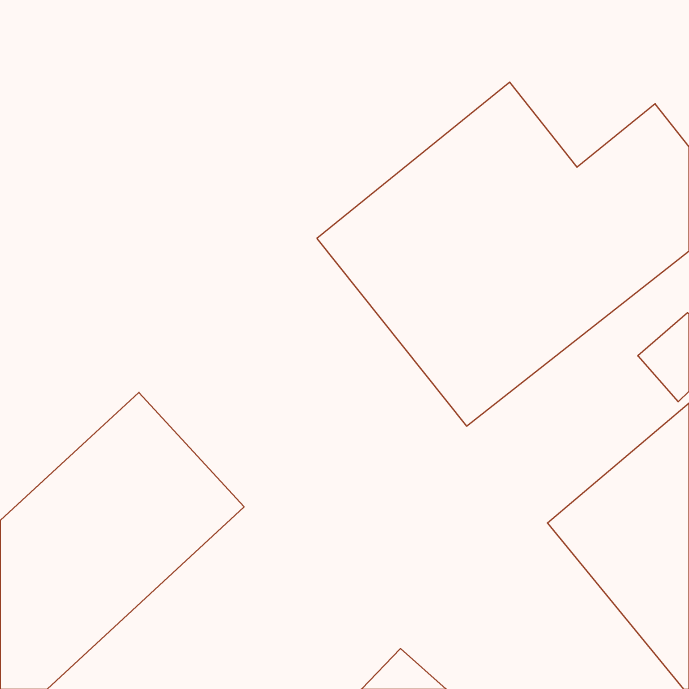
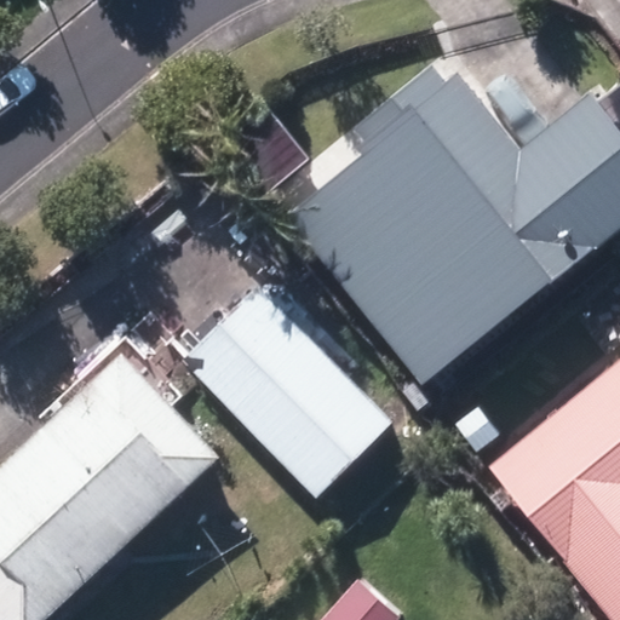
building: none -> [185,288,392,495]

